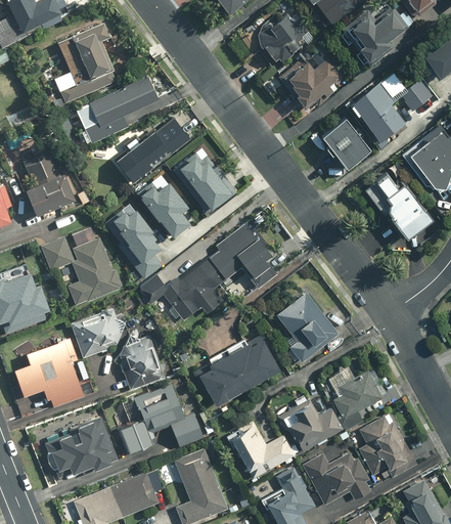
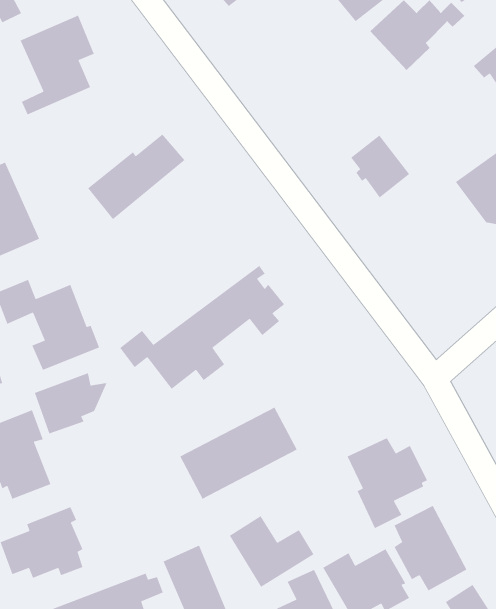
building: [256,13,311,66] -> none
building: [278,51,343,108] -> none
building: [345,68,432,144] -> none
building: [75,77,156,144] -> none
building: [174,144,230,212] -> none
building: [133,172,189,241] -> none
building: [364,173,431,239] -> none
building: [104,203,163,279] -> none
building: [264,290,341,366] -> none
building: [116,335,167,390] -> none
building: [116,383,205,454] -> none
building: [277,394,344,455] -> none

